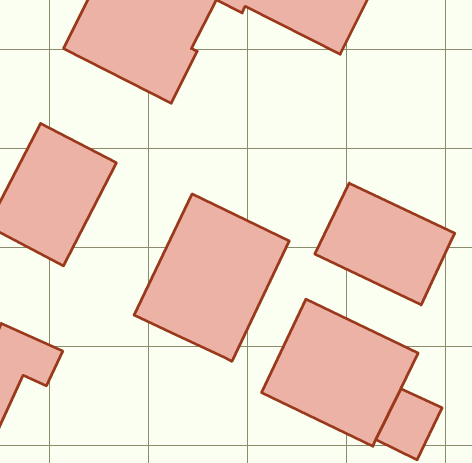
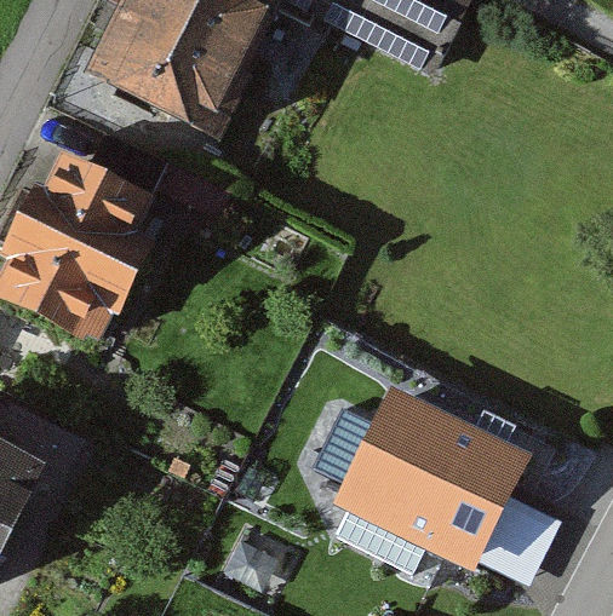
building: [315,183,455,305] -> none
building: [134,194,289,361] -> none

